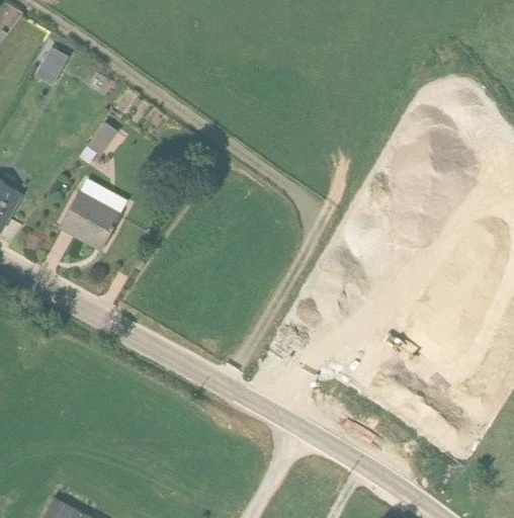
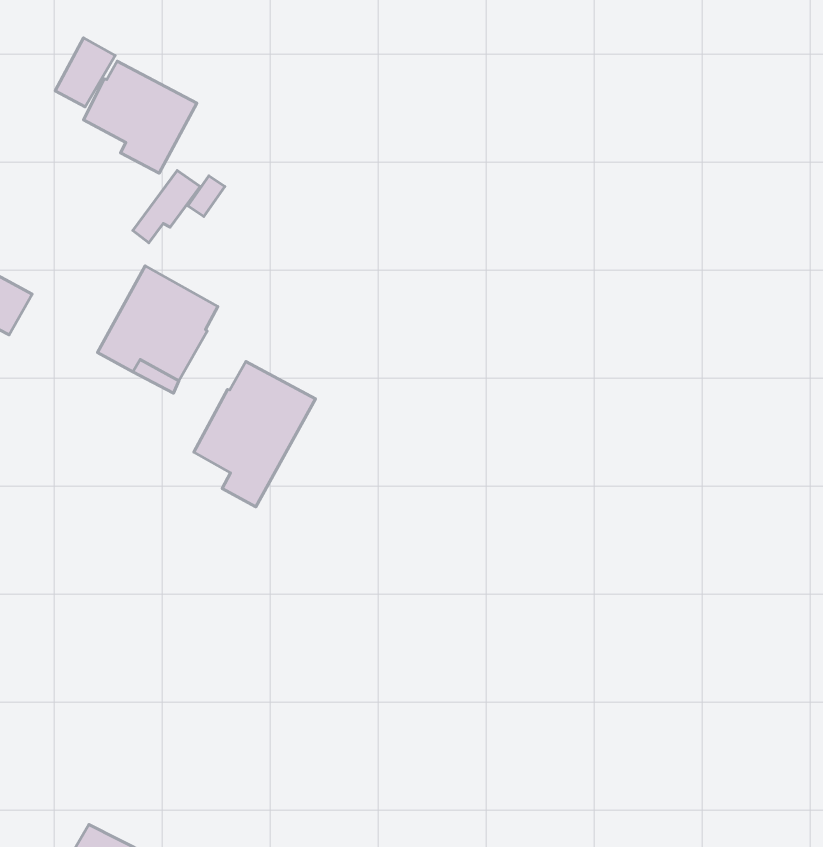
building: none -> [84,61,197,173]
building: none -> [194,361,315,507]

